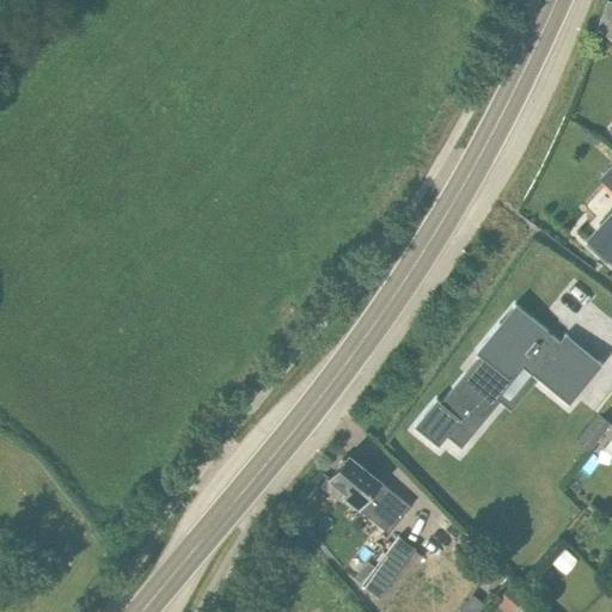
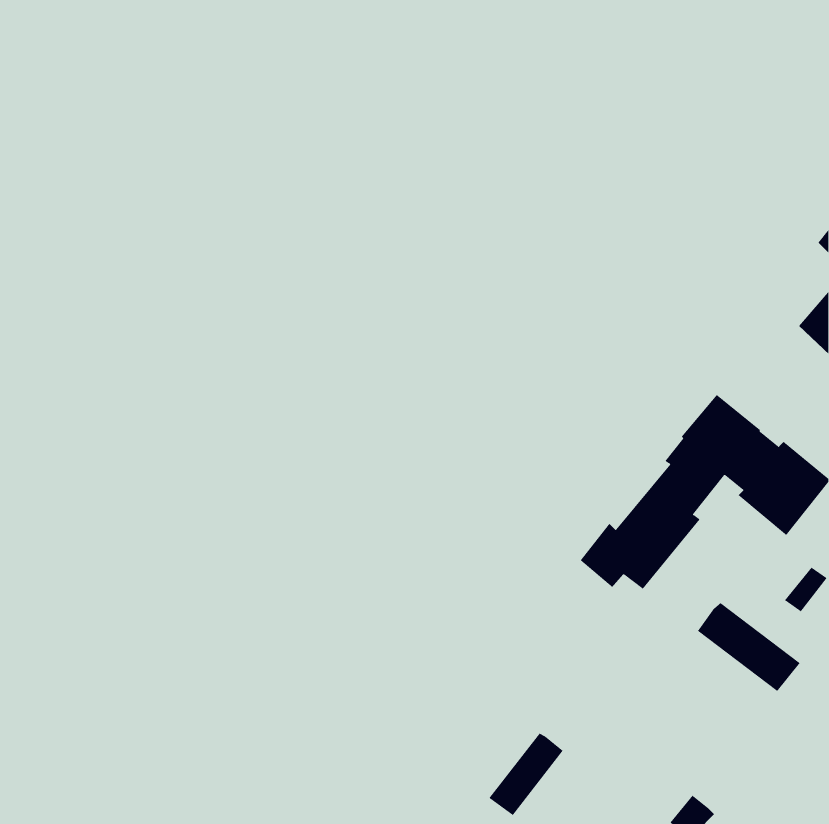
building: none -> [697,602,800,692]
building: [328,461,408,539] -> none

